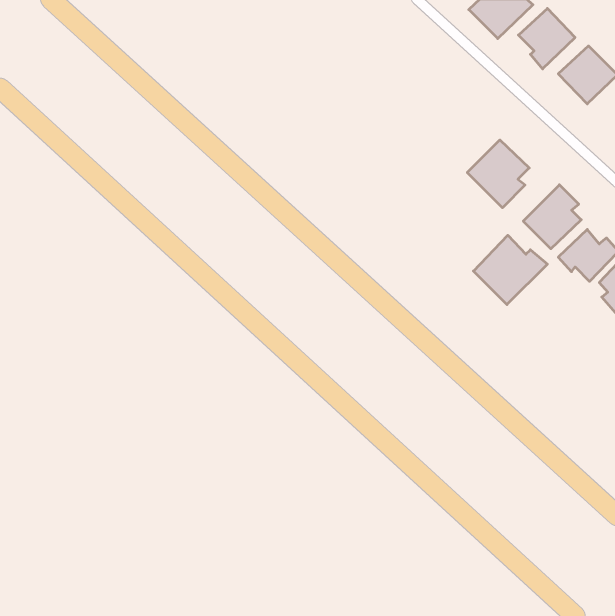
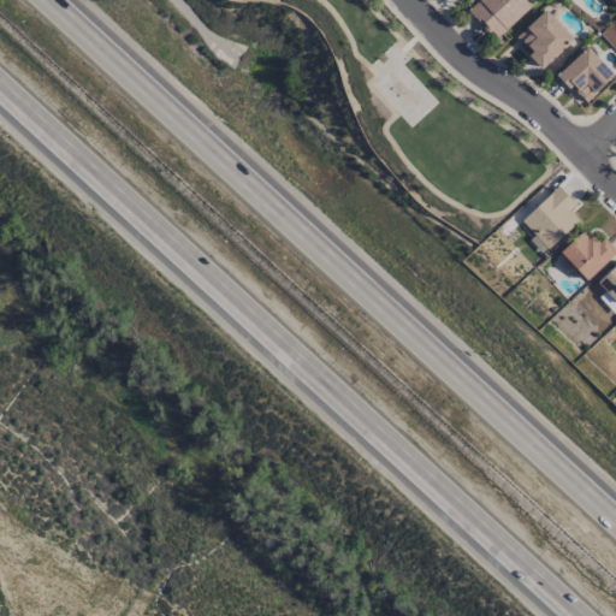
building: [467,140,529,208] -> none
building: [473,235,547,305] -> none

